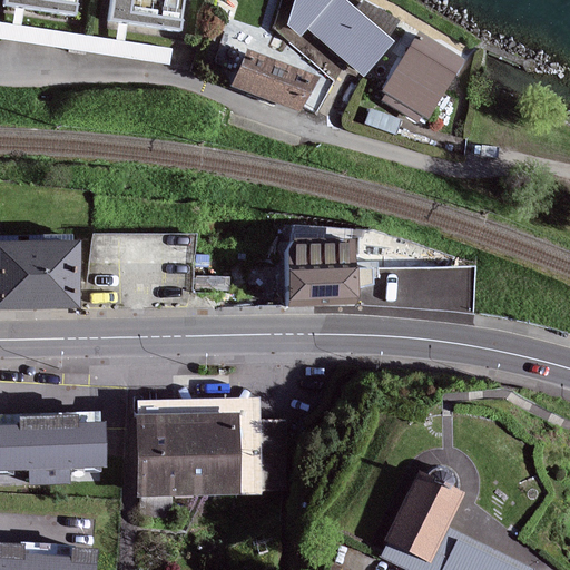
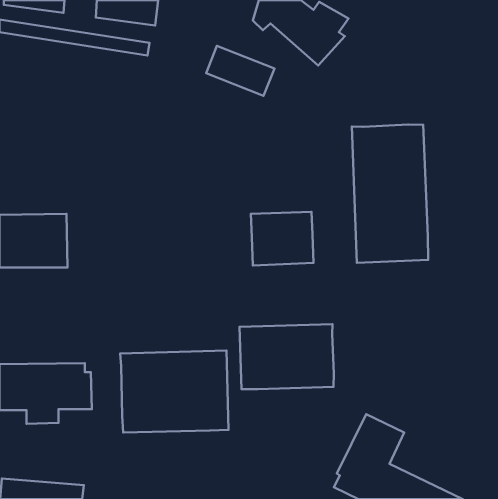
building: [383,36,459,117] -> none
building: none -> [352,125,428,263]
building: none -> [240,324,334,389]

